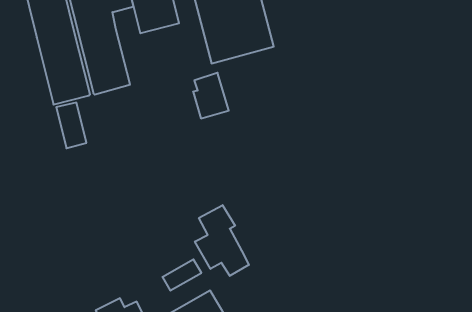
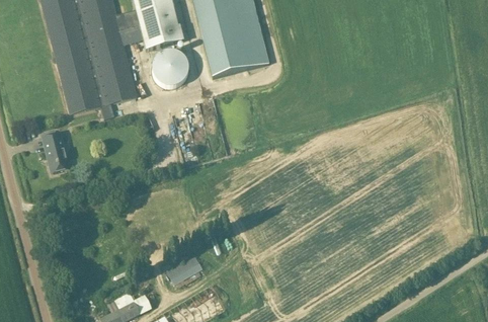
building: [193,73,229,118] -> [157,47,189,88]
building: [56,103,86,148] -> [43,131,70,172]
building: [195,205,249,276] -> none

